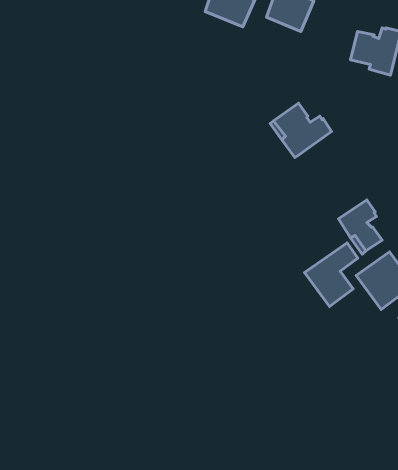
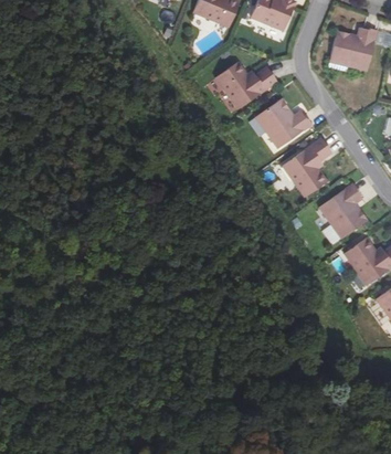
building: none -> [215,61,277,108]
building: [305,243,358,307] -> [283,137,332,197]

